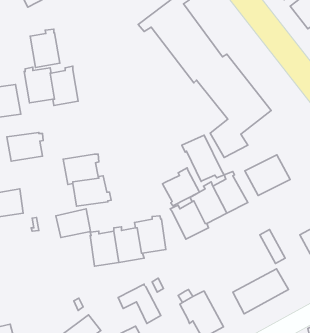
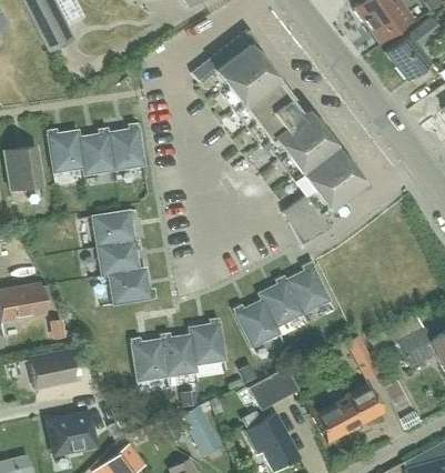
building: [30,29,60,68] -> [109,122,146,171]
building: [7,133,43,161] -> [91,209,138,245]
building: [182,135,224,181] -> none
building: [245,155,290,195] -> none
building: [163,168,199,206] -> none
building: [56,209,91,238] -> [30,351,74,388]
building: none -> [249,366,299,409]
building: none -> [48,411,97,454]

